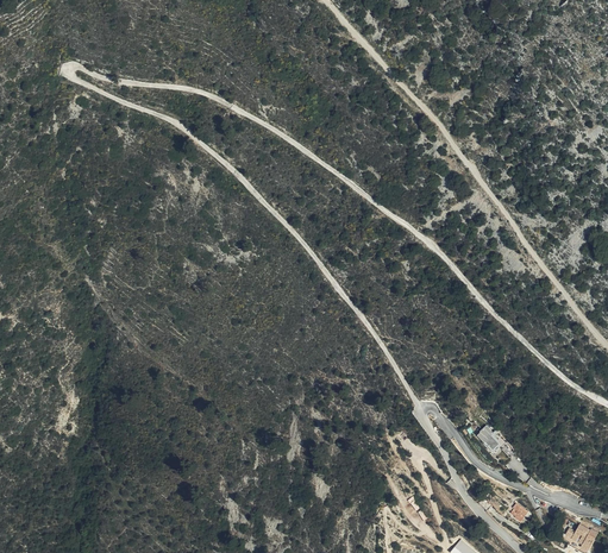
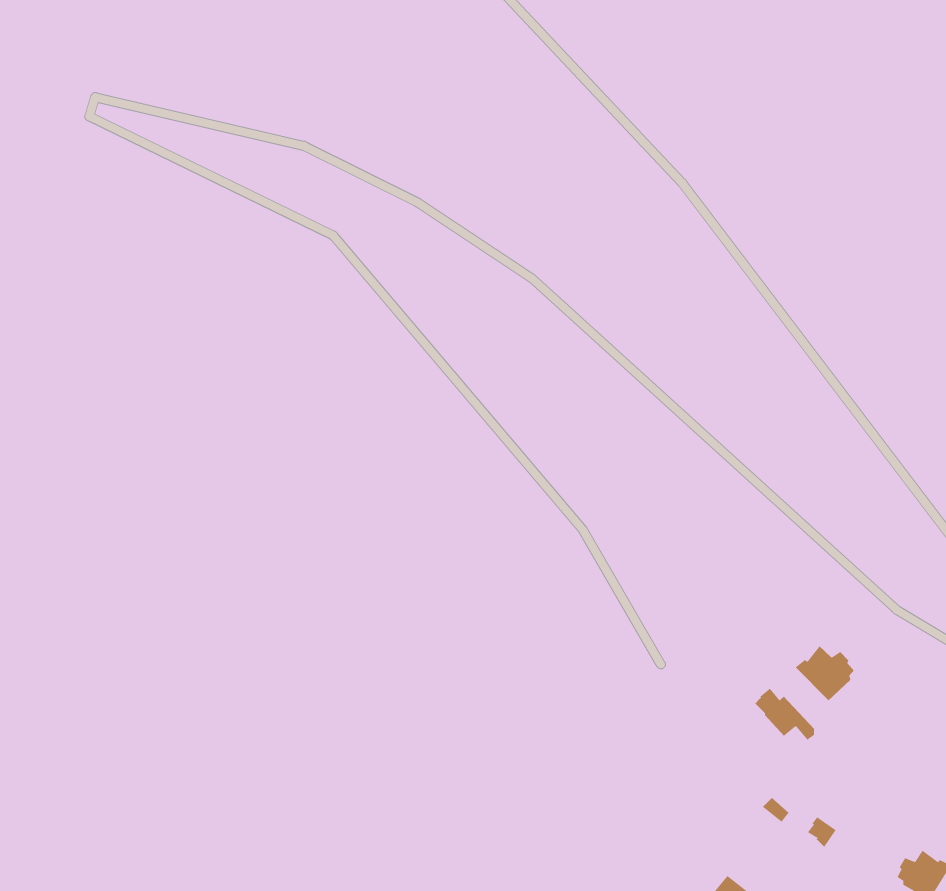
building: none -> [795,646,855,701]

